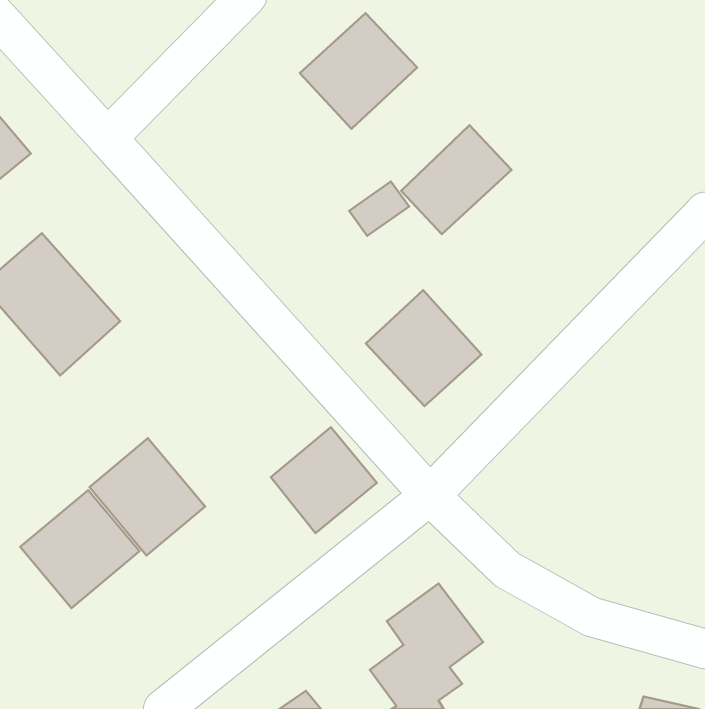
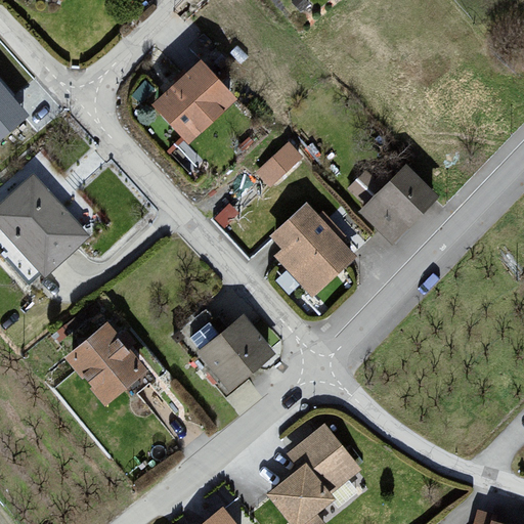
building: [300,13,417,129] -> [155,57,241,142]
building: [401,125,512,234] -> [357,162,438,242]
building: [20,490,139,608] -> none

